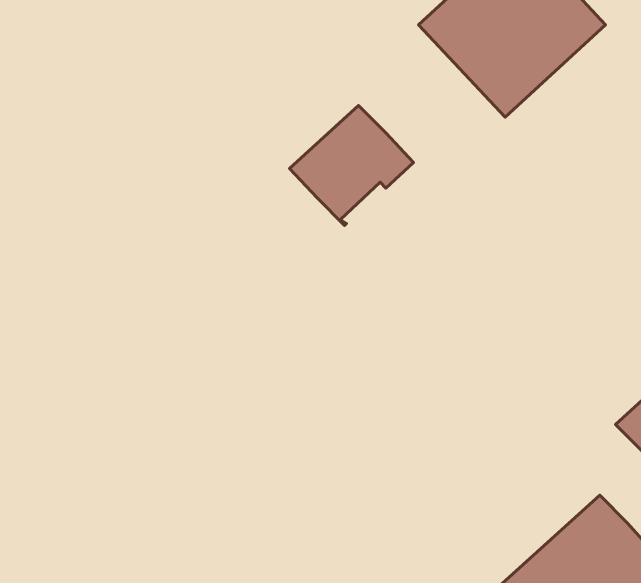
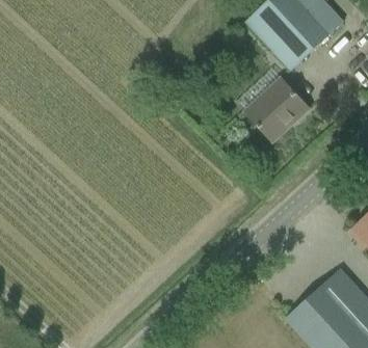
building: [289,105,414,225] -> [244,78,310,141]

